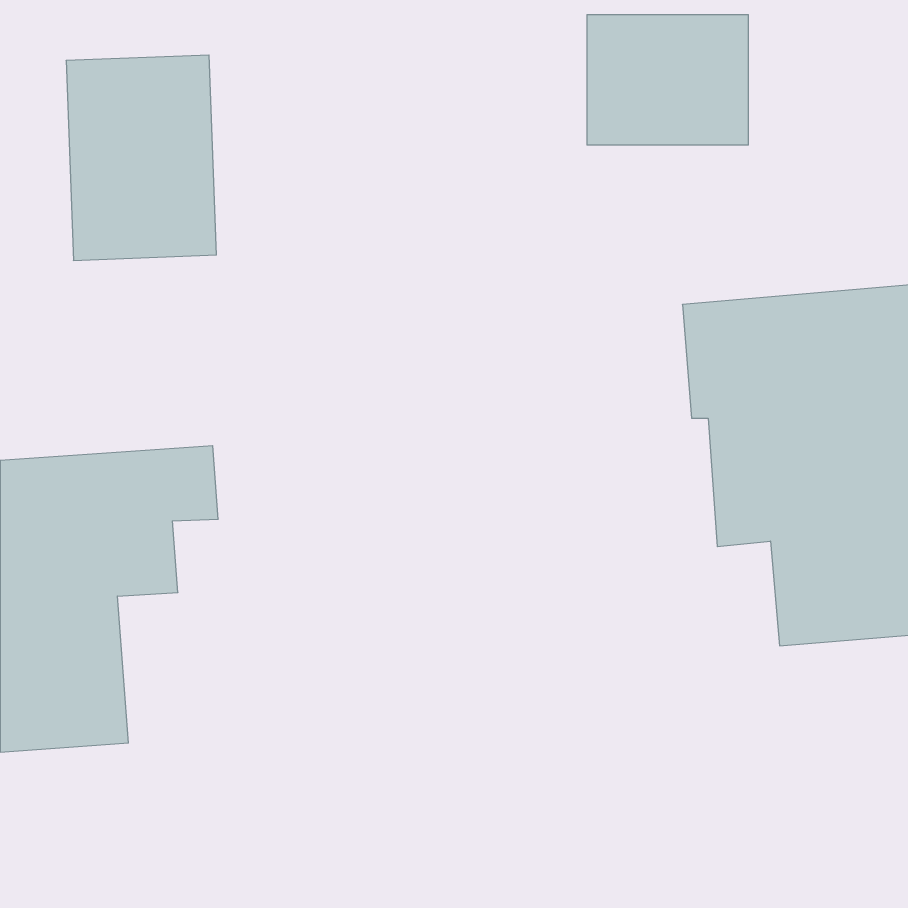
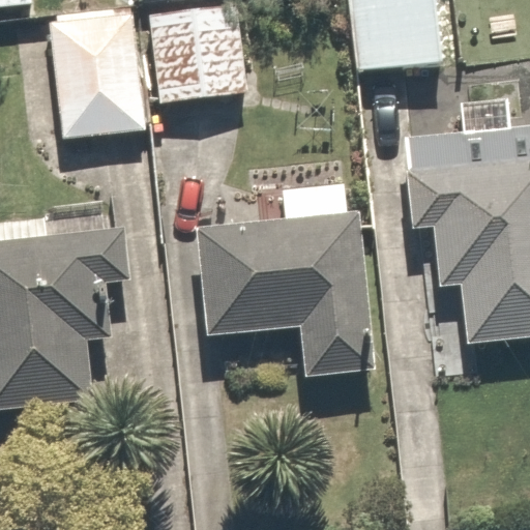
building: none -> [150,30,238,114]
building: none -> [194,235,353,390]

